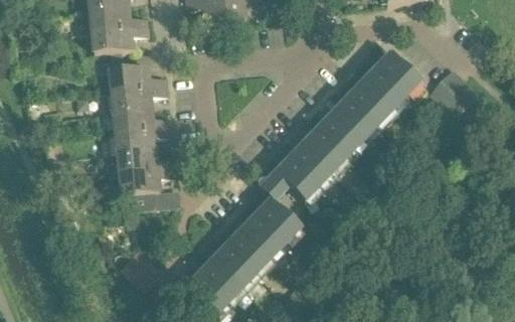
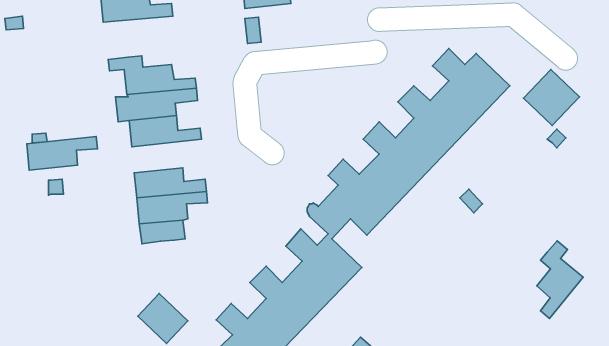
building: [92,25,149,58] -> none
building: [115,125,172,152] -> [27,136,98,170]
building: none -> [537,241,583,318]

